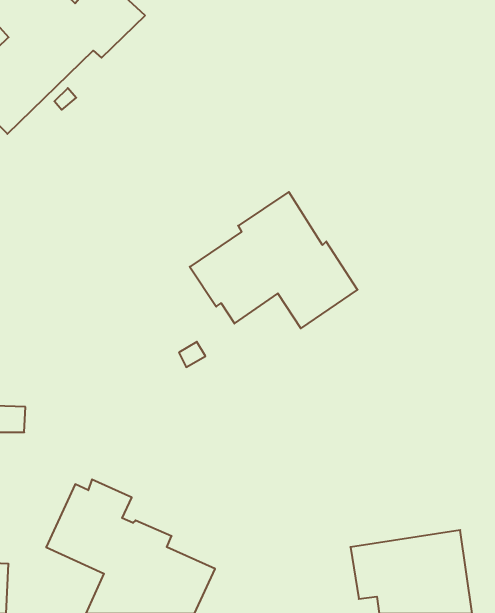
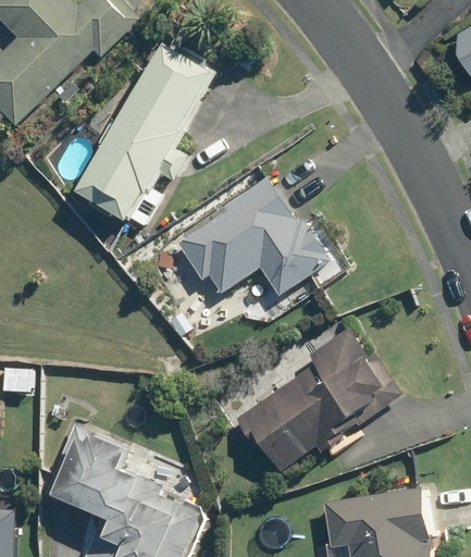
building: none -> [73,45,212,223]
building: none -> [234,329,402,473]

